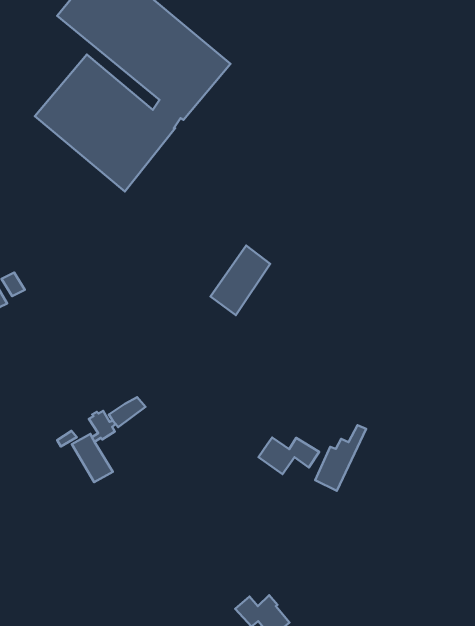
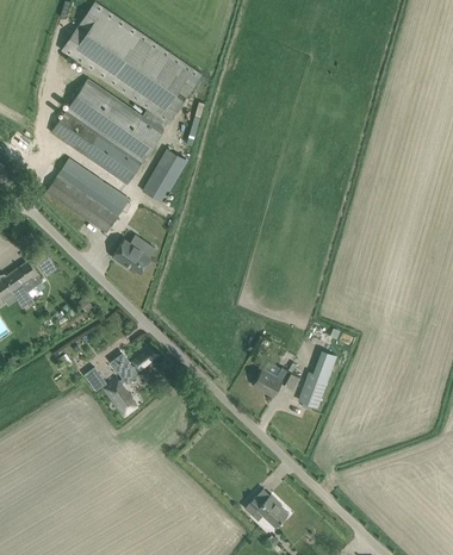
building: none -> [45,158,126,232]
building: [210,245,270,315] -> [142,148,187,204]
building: none -> [111,239,150,274]

